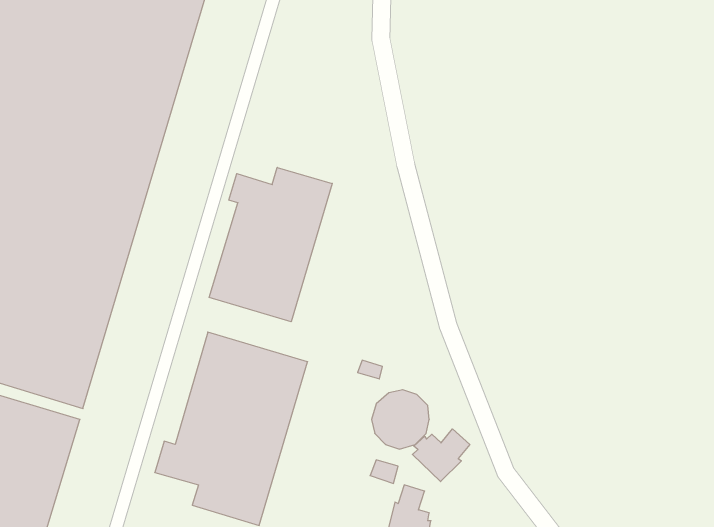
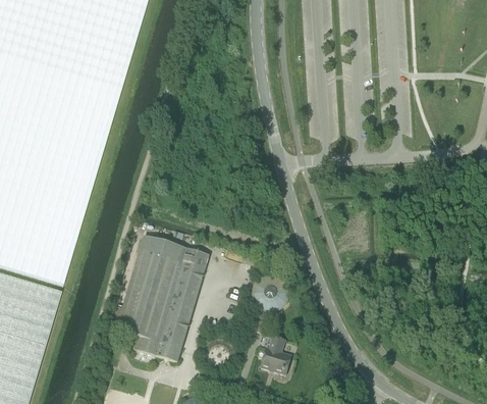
building: [209,167,332,322] -> none
building: [412,429,470,482] -> none

